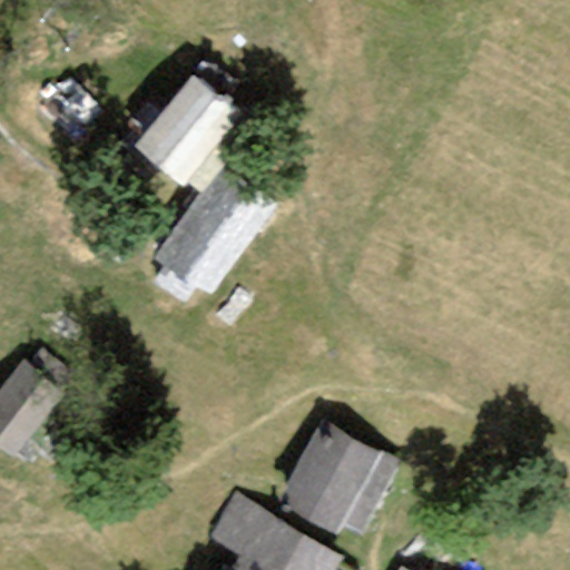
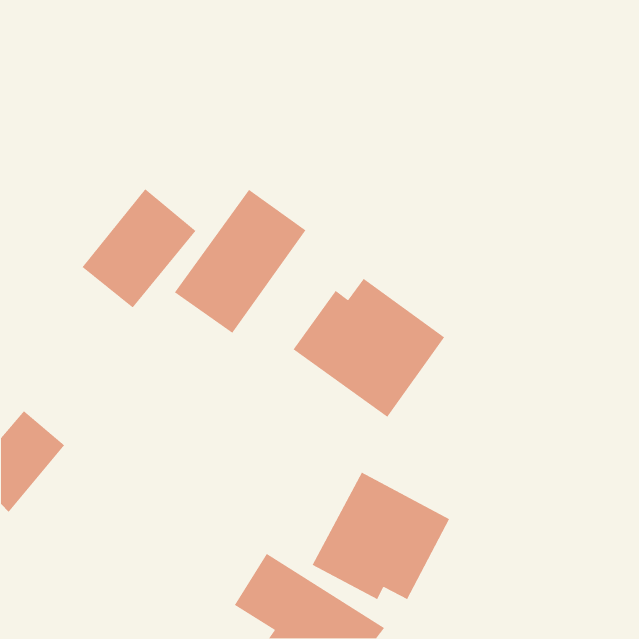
building: [135,77,237,184] -> [81,188,197,308]
building: none -> [292,278,445,418]

